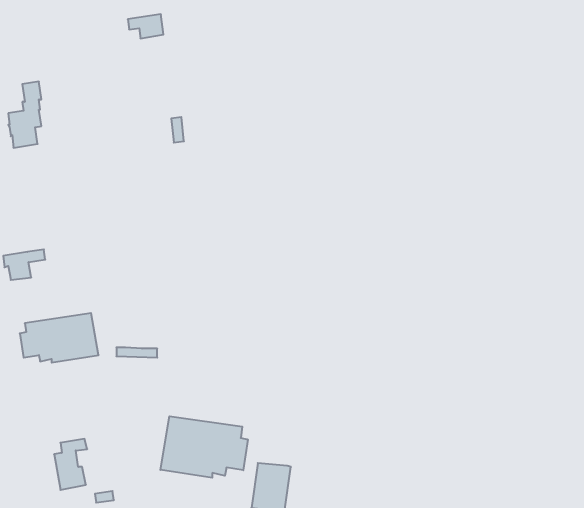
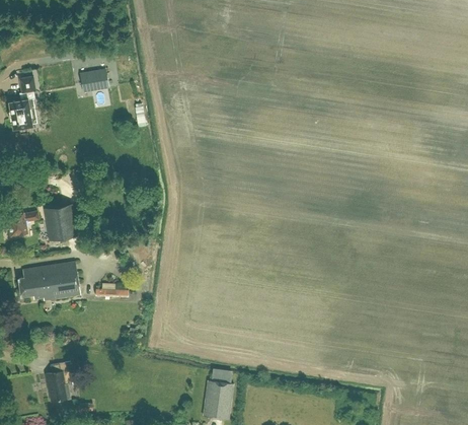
building: [128,14,163,38] -> [79,70,107,89]
building: none -> [43,203,77,240]
building: [160,416,248,478] -> none

